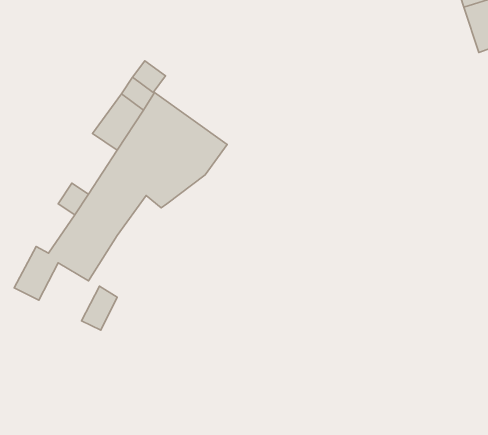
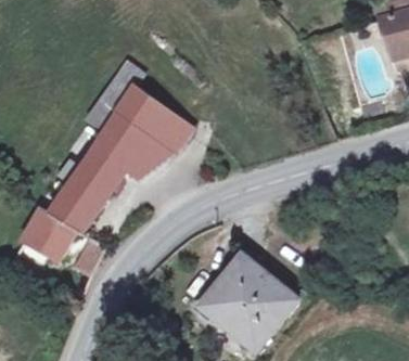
building: none -> [204,256,301,350]

